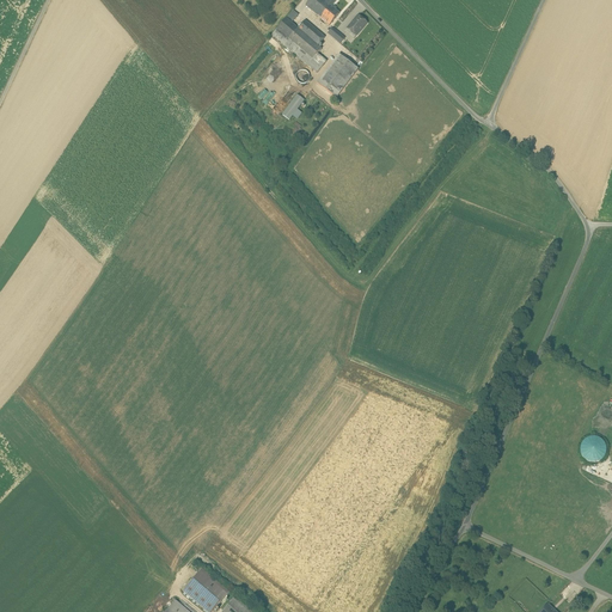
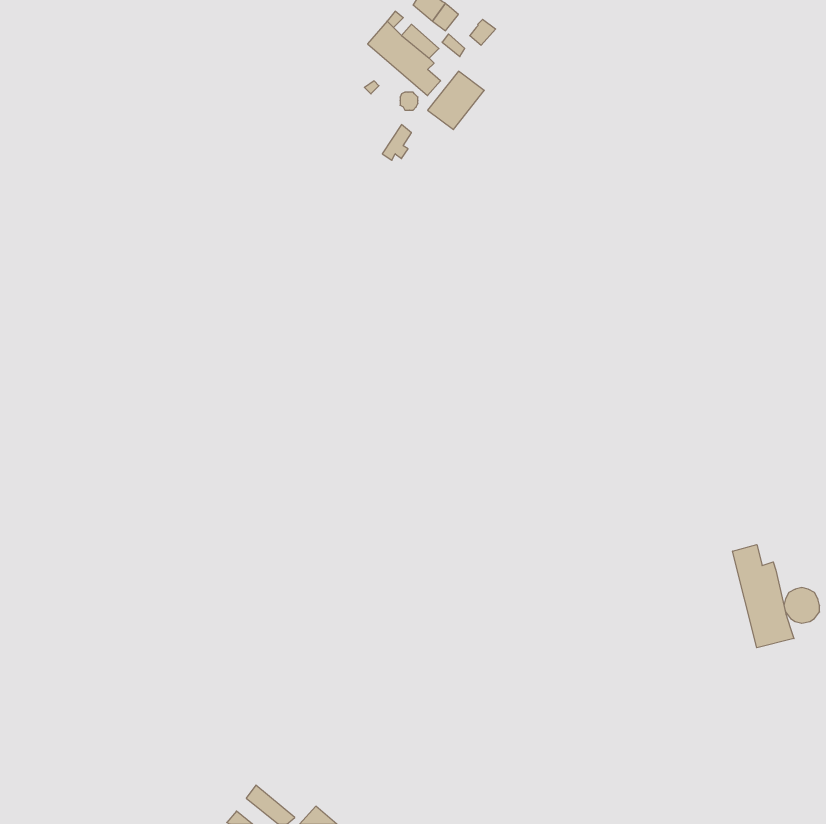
building: none -> [733,545,794,648]
building: [189,567,228,604] -> none

